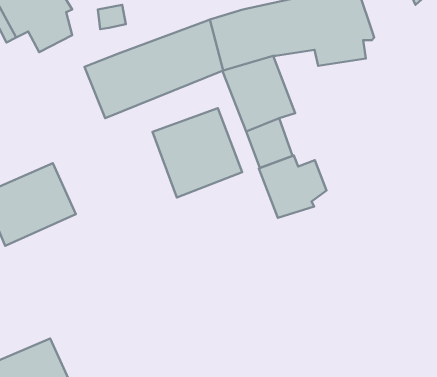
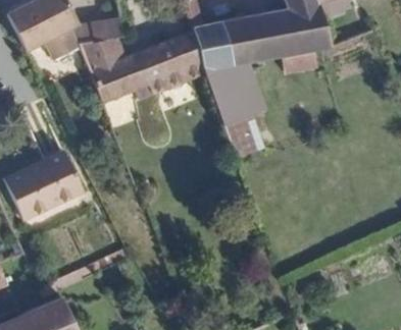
building: none -> [79,38,117,70]
building: [153,108,242,198] -> none
building: [259,156,327,218] -> none

